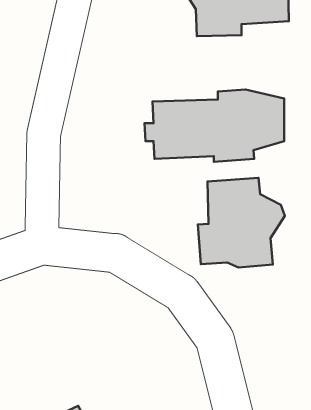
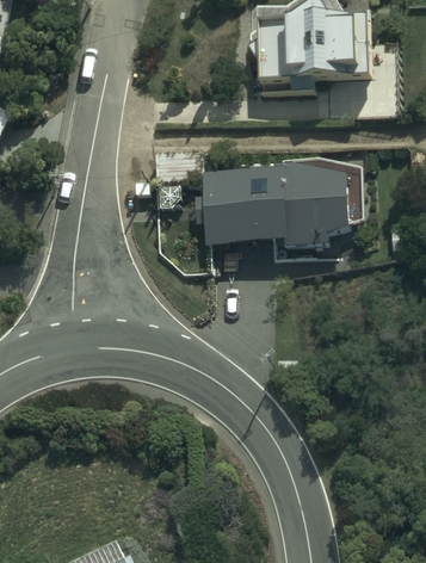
building: [198,178,285,268] -> none

